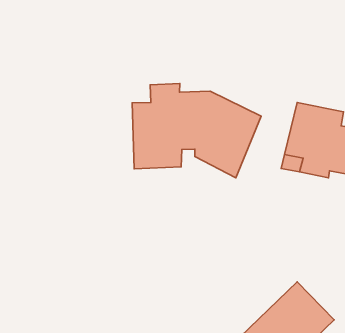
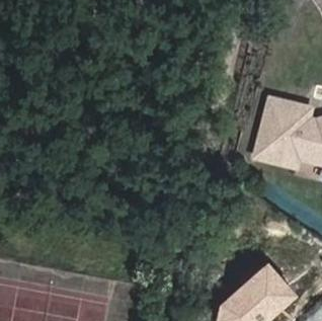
building: [132,84,261,178] -> none

